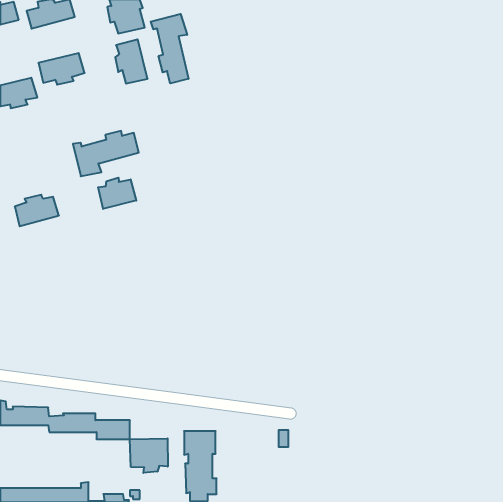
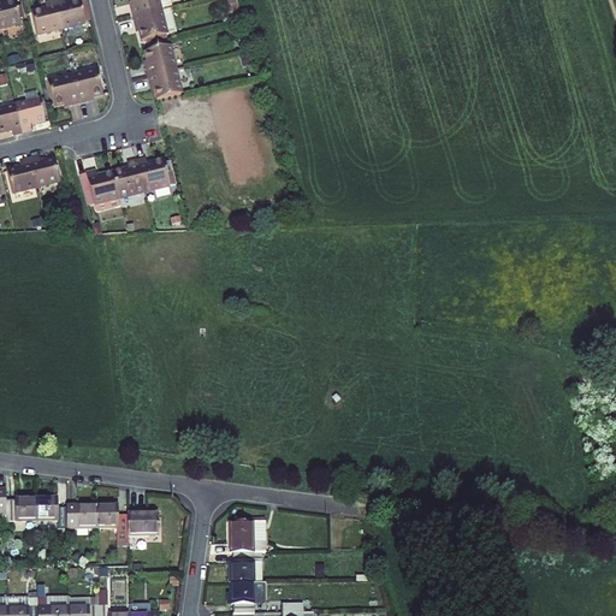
building: [151,14,188,83] -> none
building: [98,178,136,209] -> none
building: [15,195,59,226] -> [6,154,60,192]
building: [130,438,168,473] -> none

